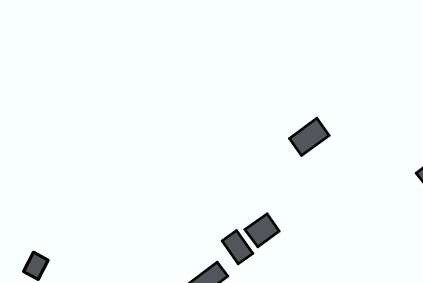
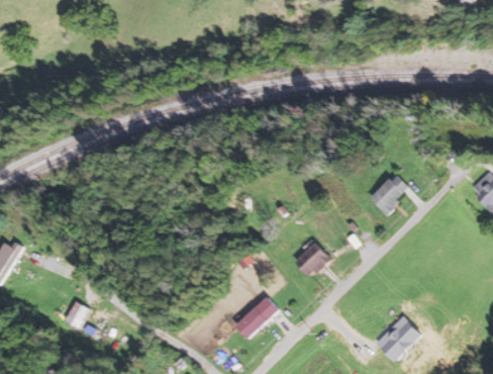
building: [289,118,329,156] -> [369,172,410,212]
building: [222,230,253,264] -> none

